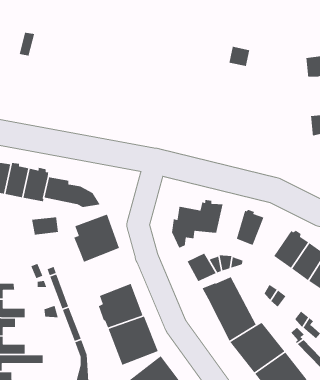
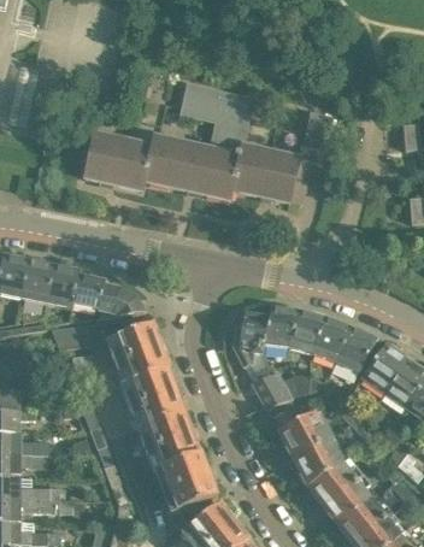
building: none -> [84,83,310,202]
building: none -> [292,310,326,354]
building: none -> [337,327,377,372]
building: none -> [120,366,183,425]

